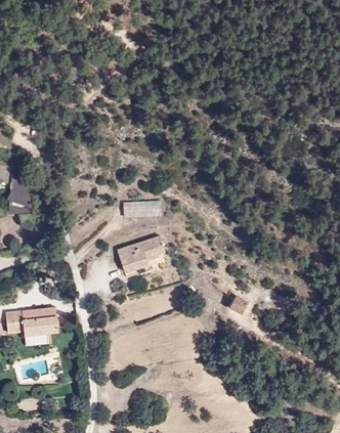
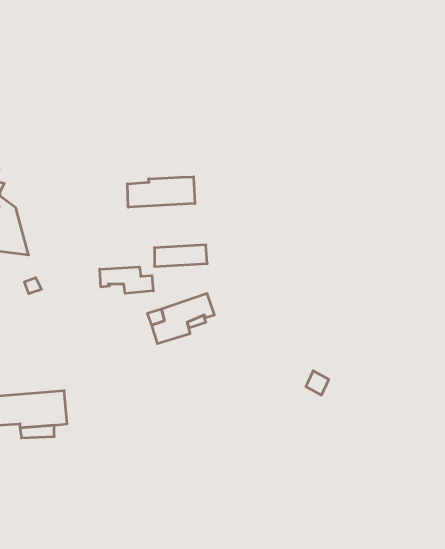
building: none -> [127,177,195,207]
building: none -> [100,267,153,293]

